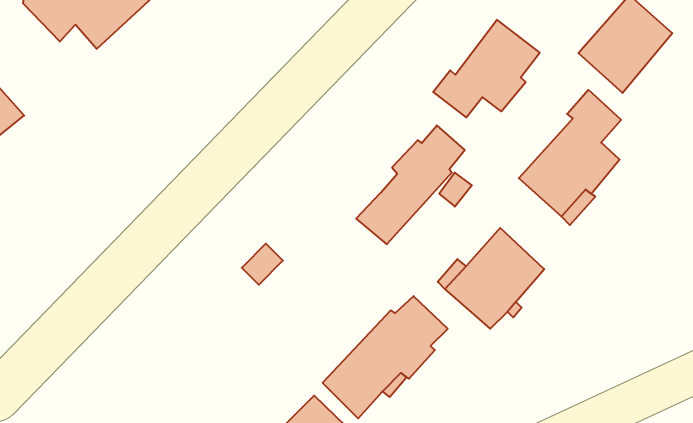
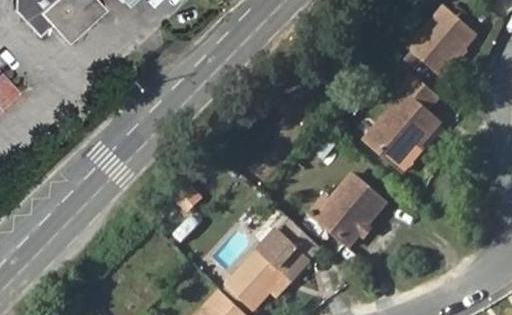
building: [433,20,540,117] -> none
building: [356,125,465,244] -> none

